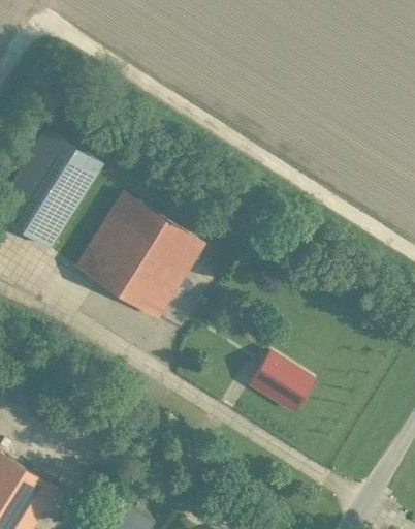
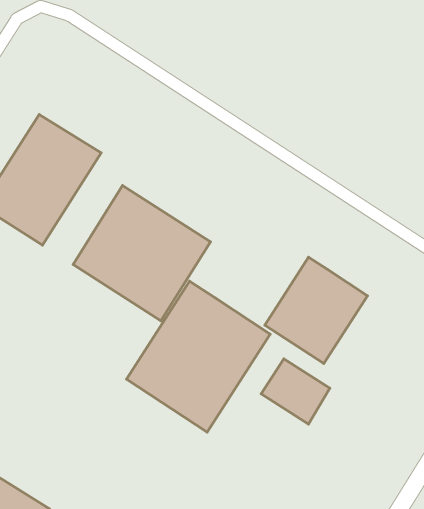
building: none -> [265,257,367,364]
building: none -> [126,281,270,432]

